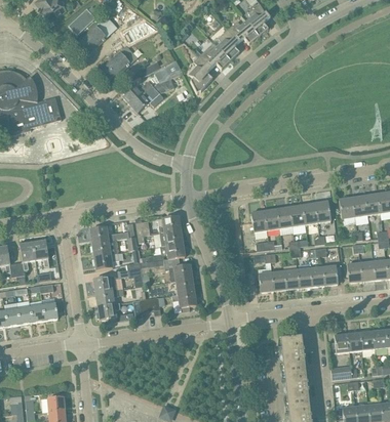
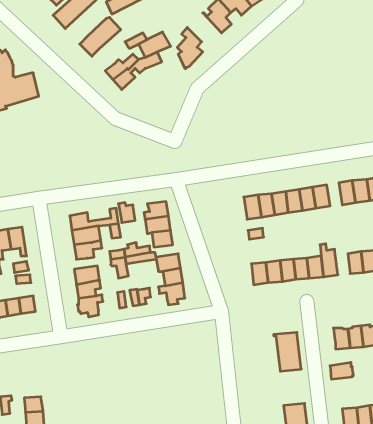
building: [198,42,230,69] -> none
building: [284,371,307,405] -> none

